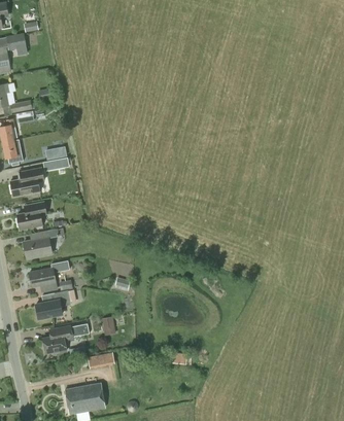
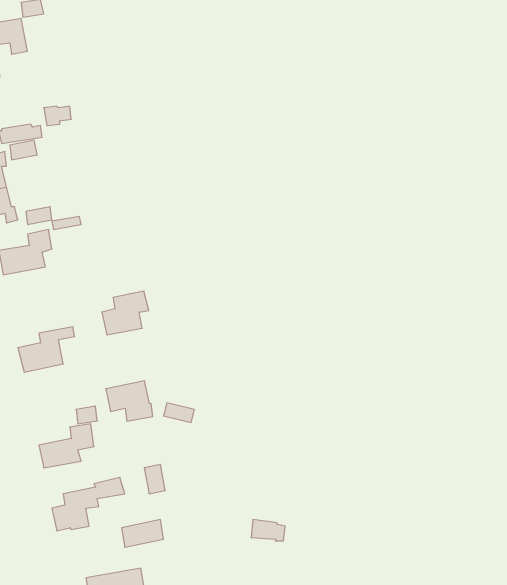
building: [16,201,46,229] -> [102,291,149,335]
building: [28,267,58,292] -> [106,381,153,421]

